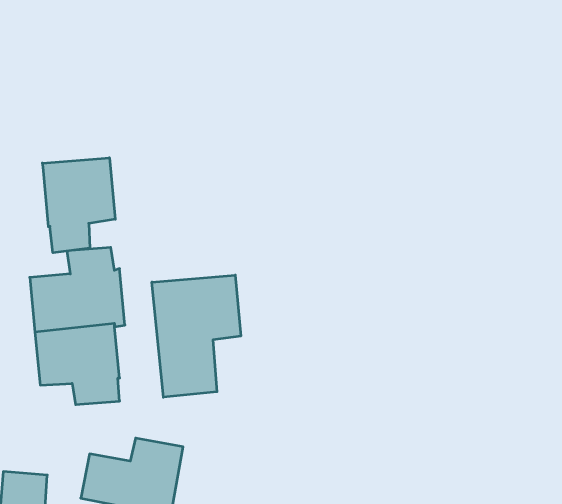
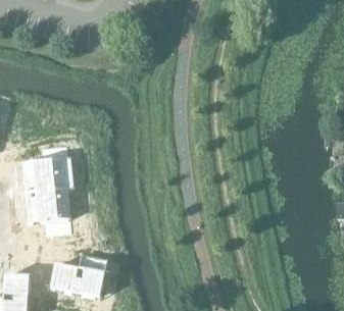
building: [42,158,115,253] -> none
building: [152,275,241,397] -> none

